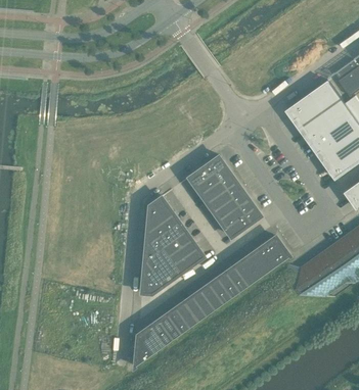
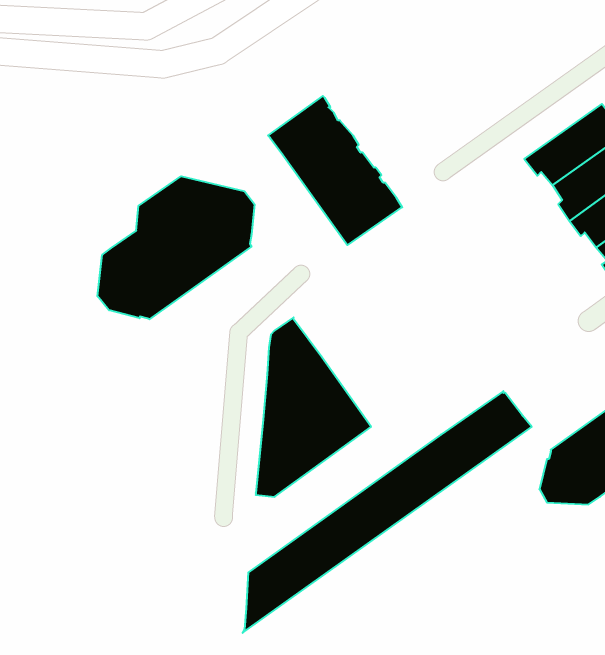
building: none -> [97,176,254,319]
building: [188,155,261,236] -> [268,96,402,245]

